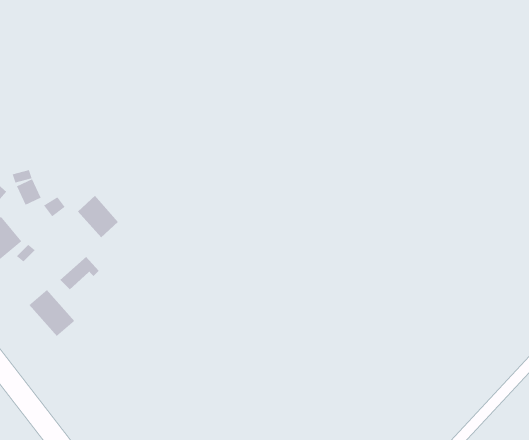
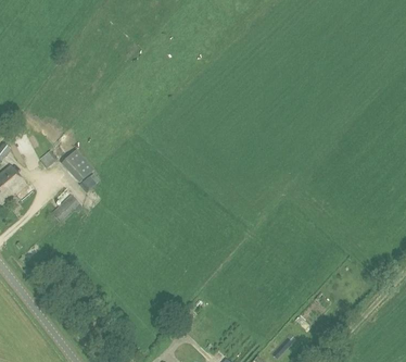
building: [29,289,75,337] -> none

